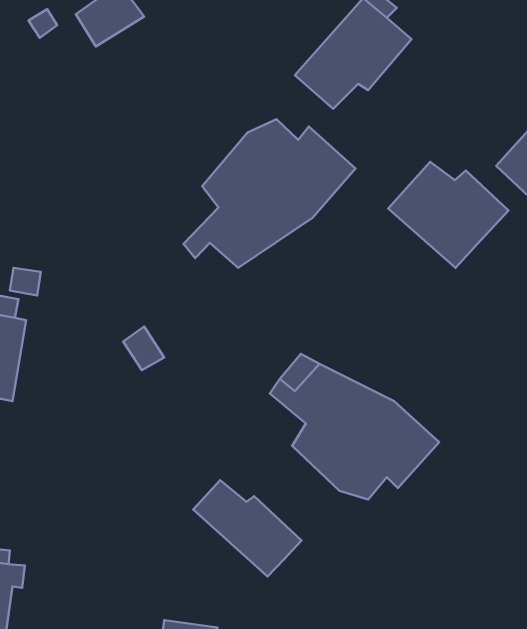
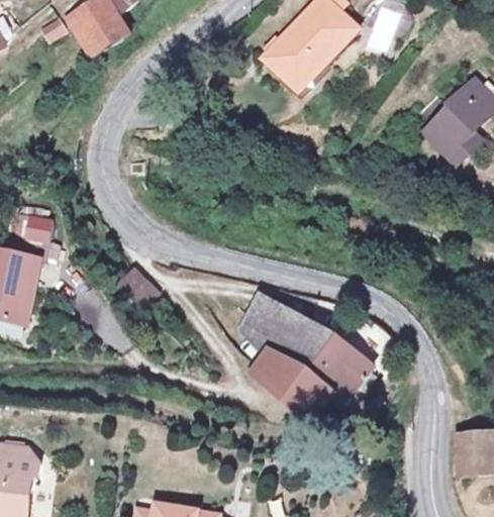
building: [184,119,356,268] -> none
building: [388,162,509,268] -> none
building: [193,480,302,577] -> none

